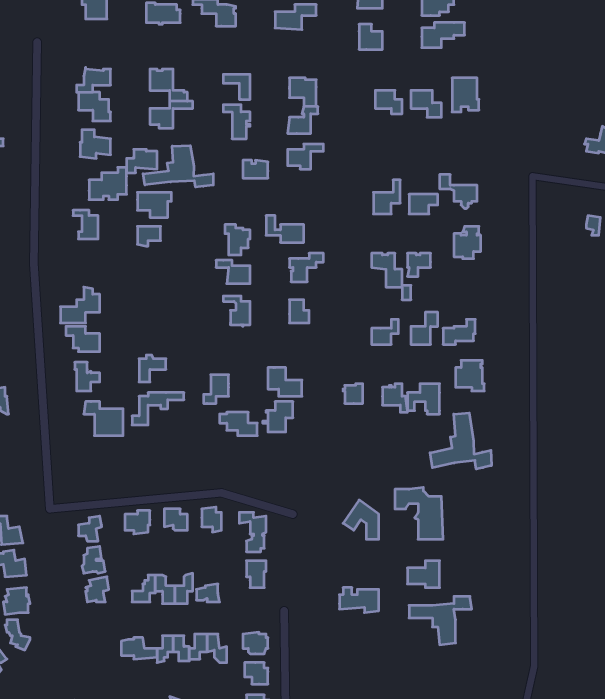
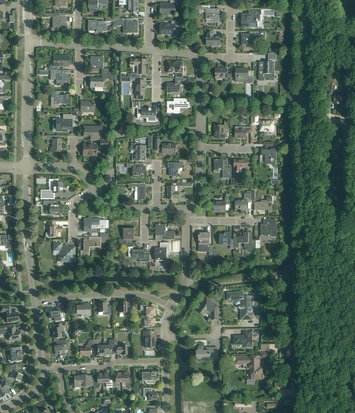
building: [143,146,213,187] -> none
building: [430,413,491,469] -> none

